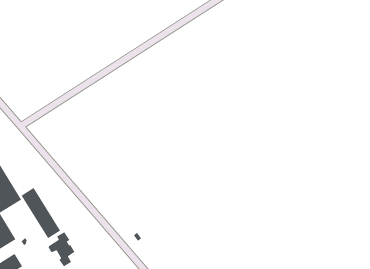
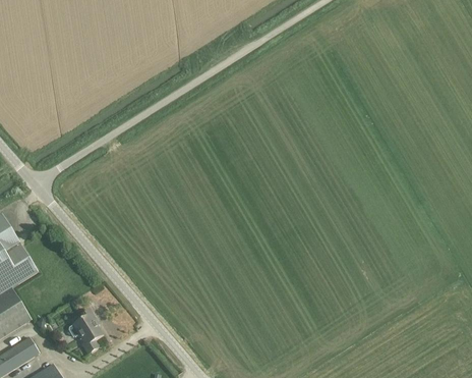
building: [20,187,61,239] -> none

